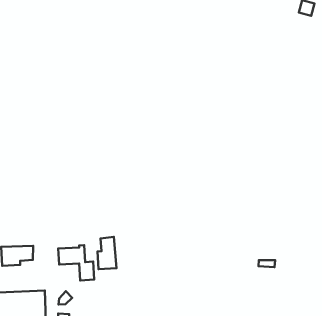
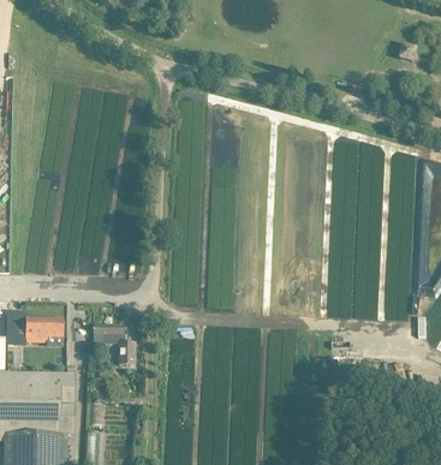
building: [98,237,116,269] -> none

